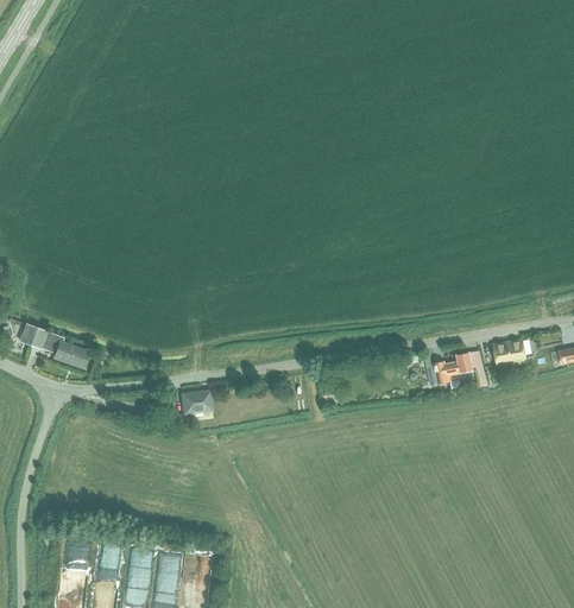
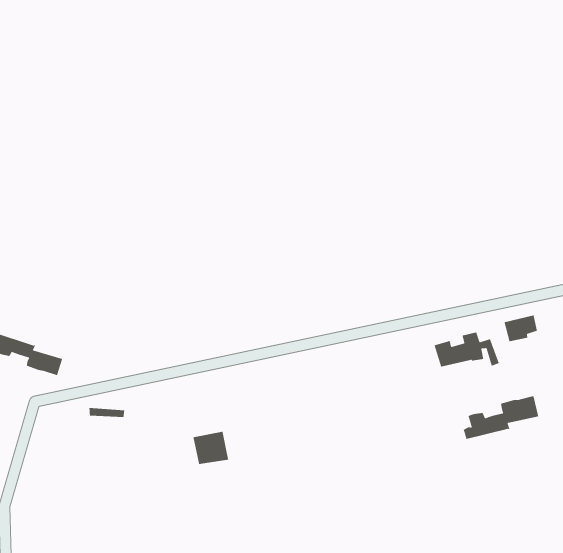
building: [182,390,214,419] -> [193,431,229,465]
building: none -> [462,396,539,440]

